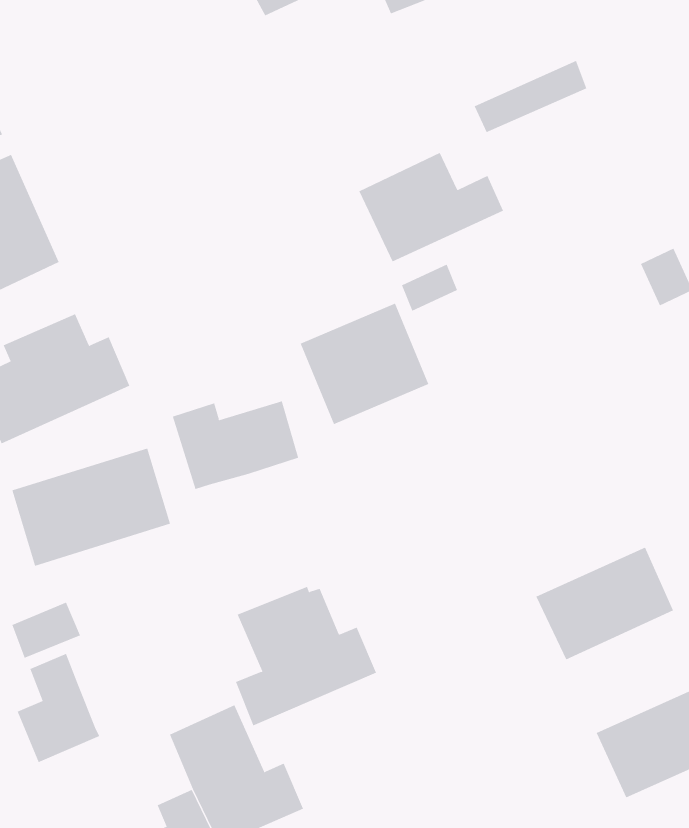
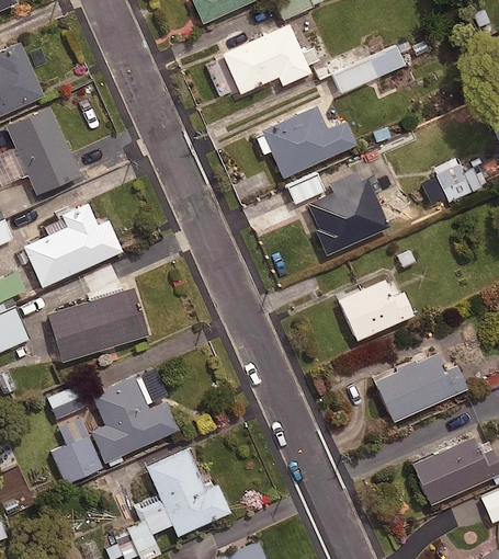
building: none -> [225,26,307,99]
building: [300,303,429,425] -> [308,178,388,253]
building: [172,401,299,490] -> none
building: none -> [338,276,412,339]
building: [235,586,377,726] -> [90,377,178,464]

